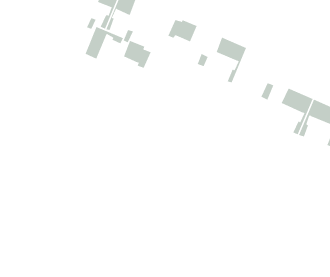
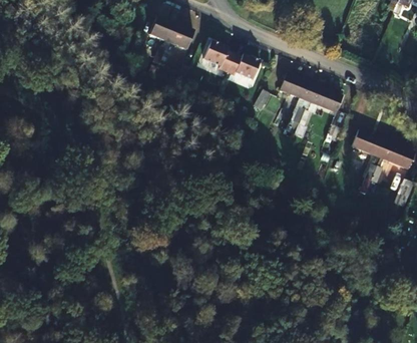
building: [85,26,124,59] -> none
building: [123,40,152,68] -> [203,40,235,71]
building: none -> [298,84,343,126]

